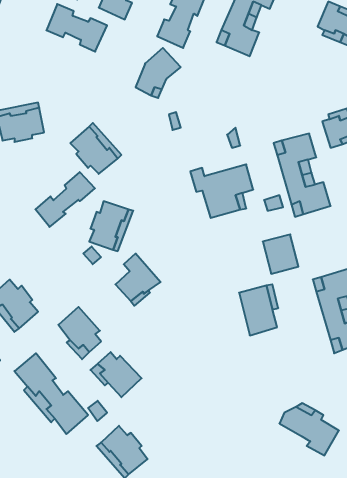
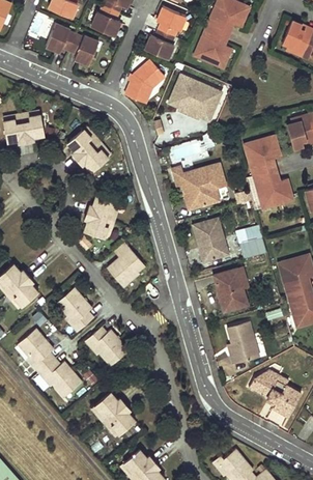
building: none -> [165,72,224,124]
building: [35,172,95,227] -> none
building: none -> [193,219,225,263]
building: none -> [227,321,260,365]

